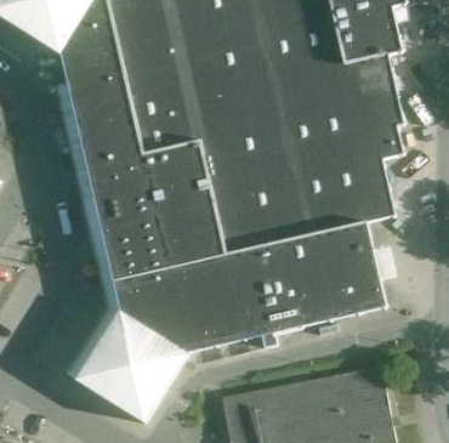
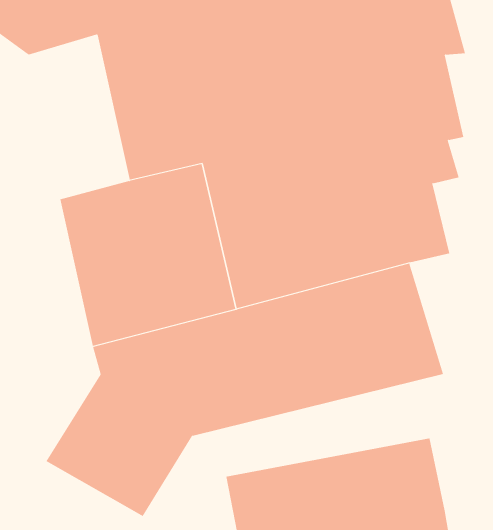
building: [64,47,143,176] -> none

